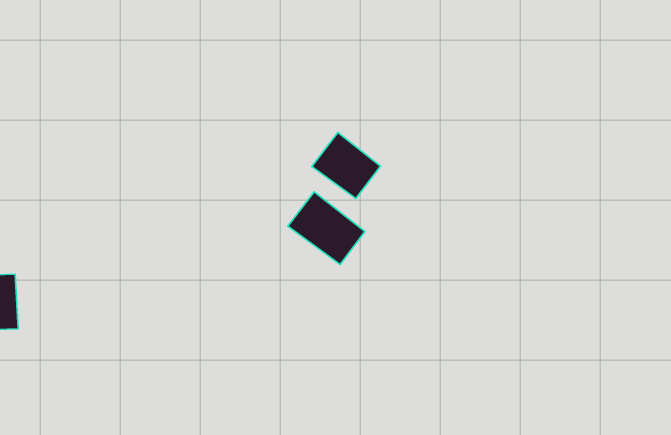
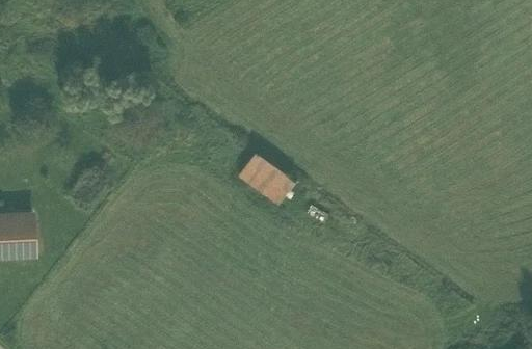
building: [312,132,381,198] -> none

